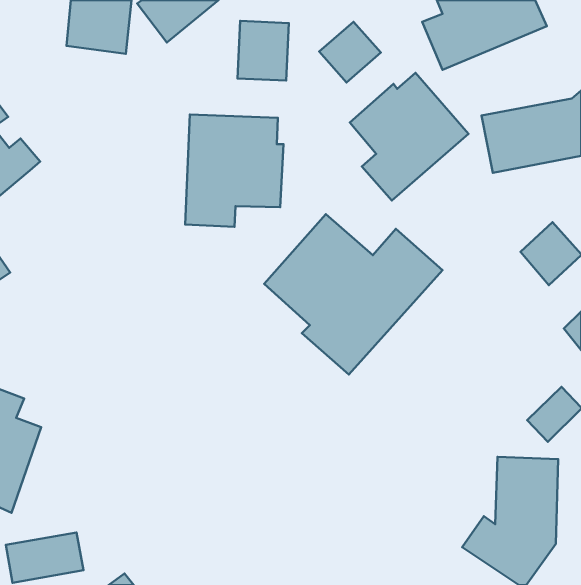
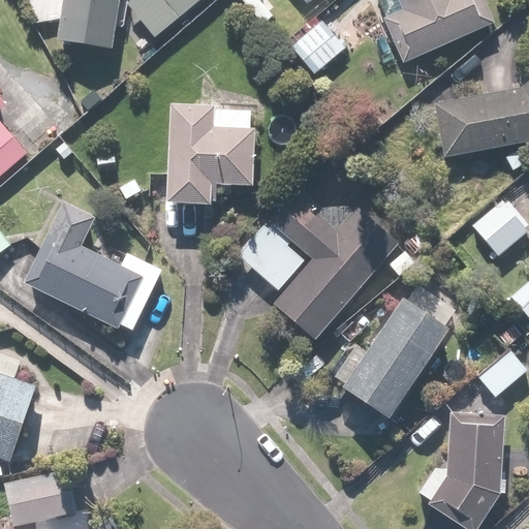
building: [238,21,289,81] -> none
building: [350,73,468,200] -> none
building: none -> [24,201,162,331]
building: none -> [344,282,460,416]

